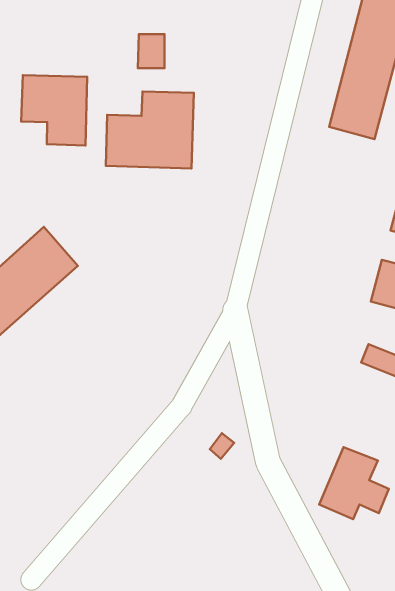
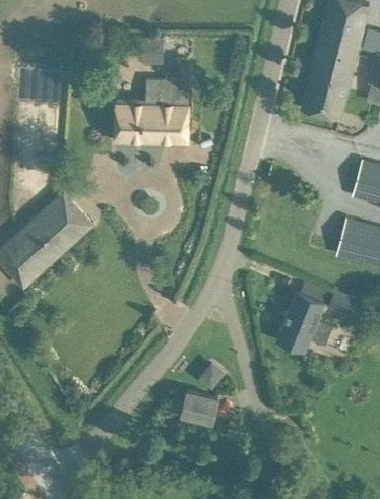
building: [21,75,87,145] -> none
building: [319,447,389,519] -> [276,292,334,352]
building: none -> [171,392,217,423]

